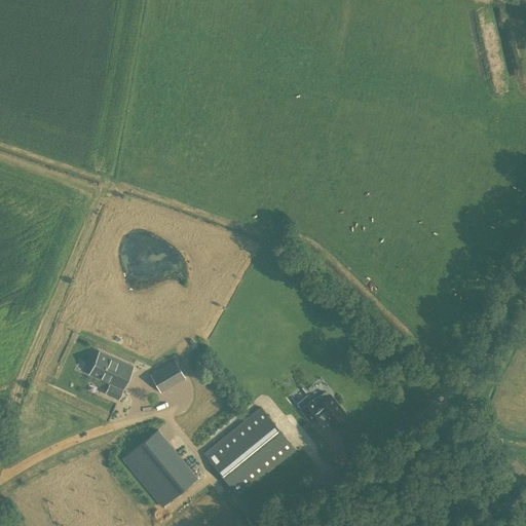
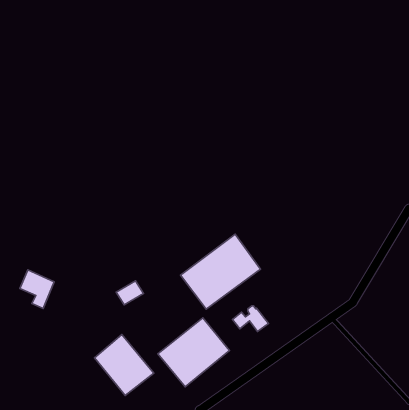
building: none -> [181,234,261,309]
building: [87,350,132,400] -> [20,270,54,308]

